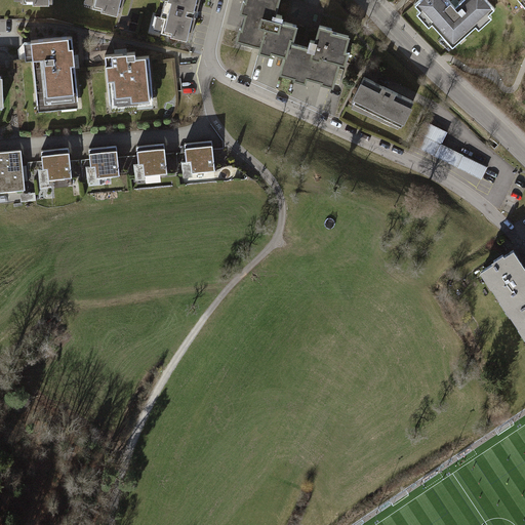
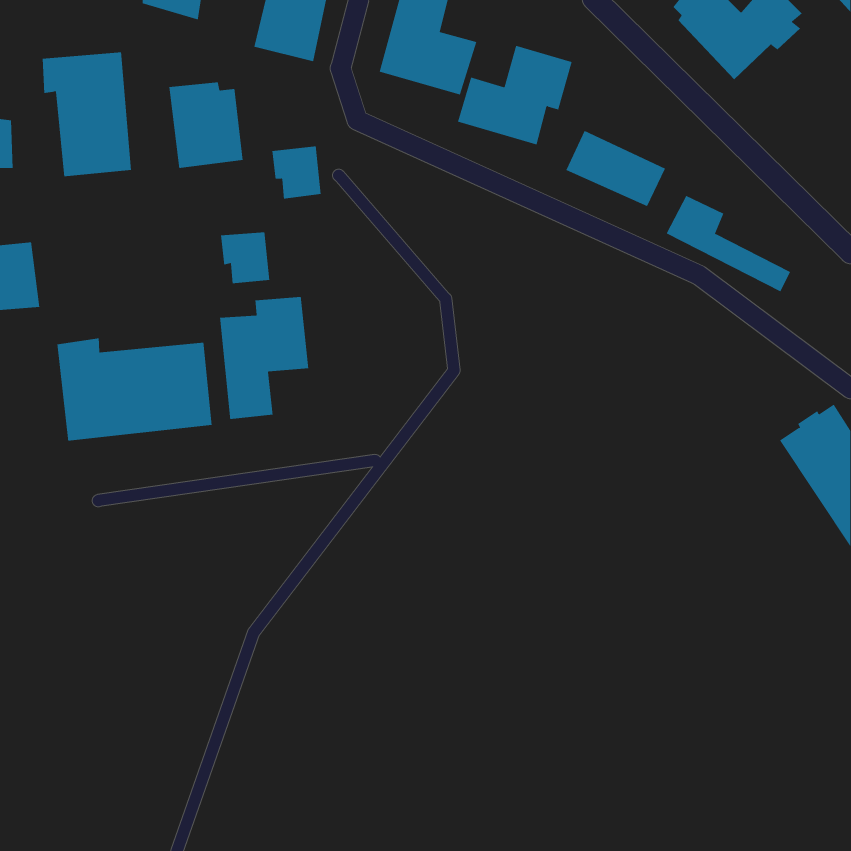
building: [184,139,214,172] -> [271,146,321,199]
building: [88,145,119,176] -> none
building: [40,147,71,179] -> none
building: none -> [219,296,309,420]
building: none -> [57,337,212,442]

